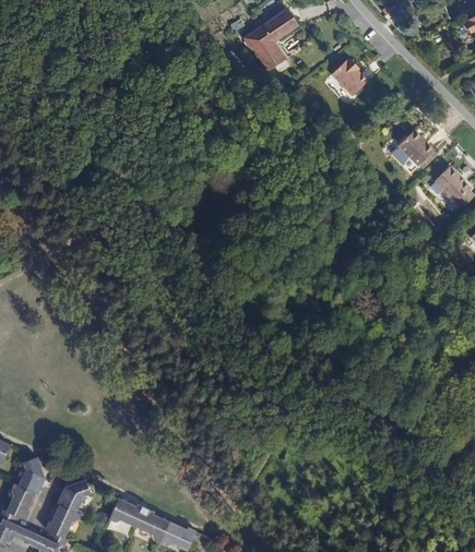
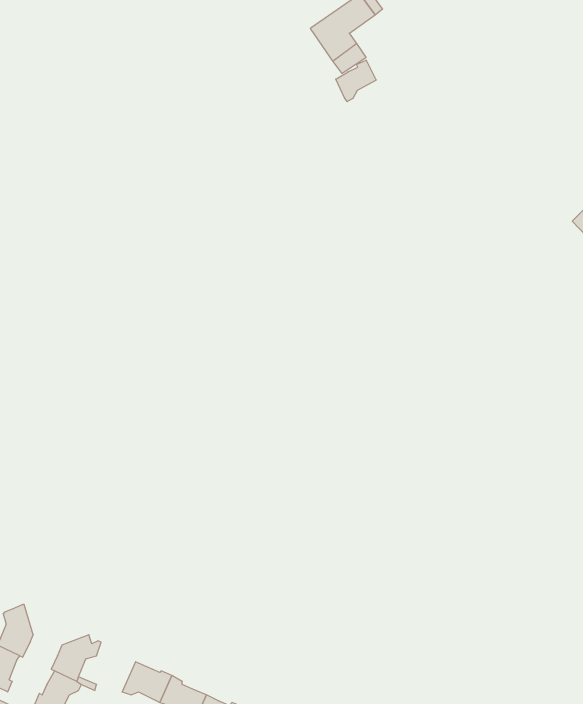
building: [330,56,368,96] -> none
building: none -> [336,60,376,102]
building: [397,128,435,164] -> none

